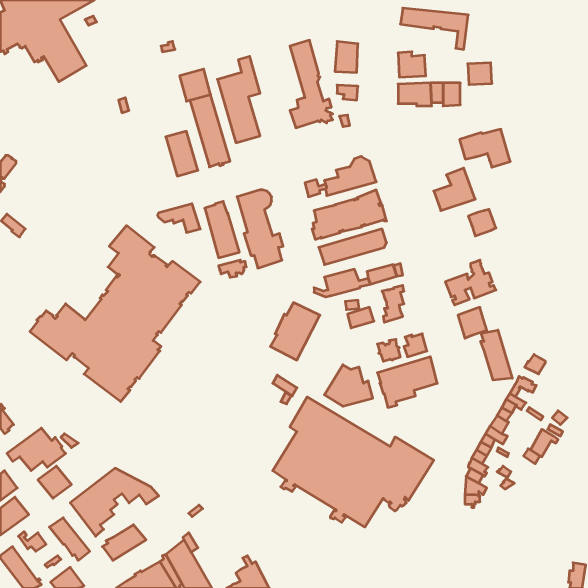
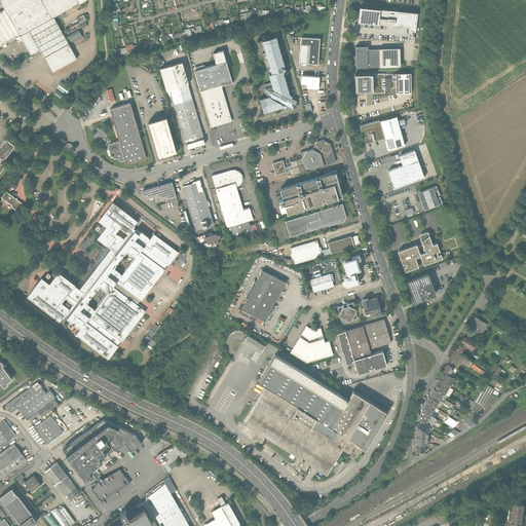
building: [468,63,492,85] -> [379,48,401,68]
building: none -> [108,103,146,164]
building: [460,129,510,167] -> [360,117,405,151]
building: [481,330,512,380] -> none
building: none -> [353,350,386,373]

